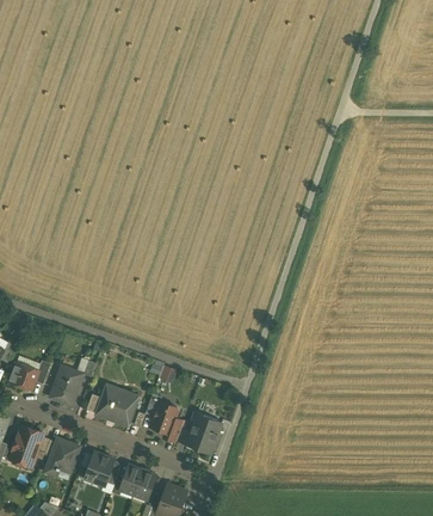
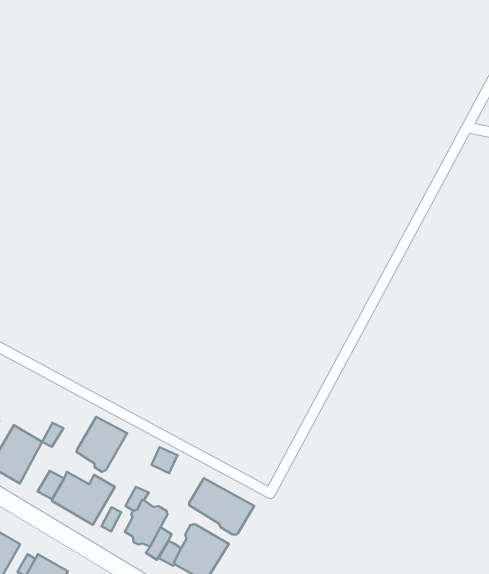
building: none -> [77,417,127,472]
building: none -> [189,478,254,534]

